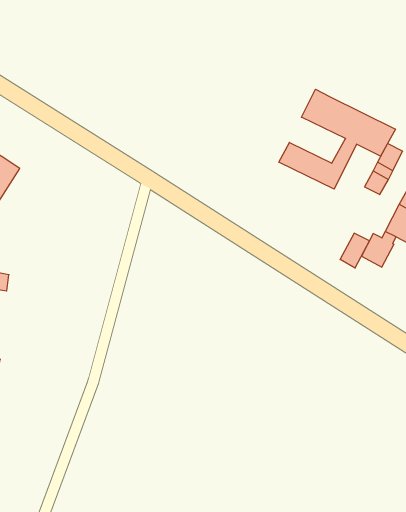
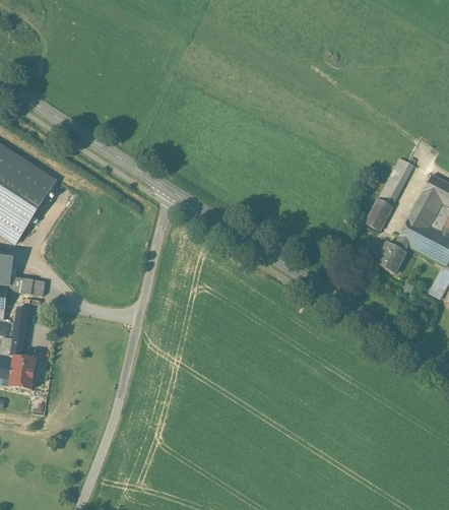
building: [279,89,395,189] -> none
building: [340,233,369,268] -> [365,198,392,231]

